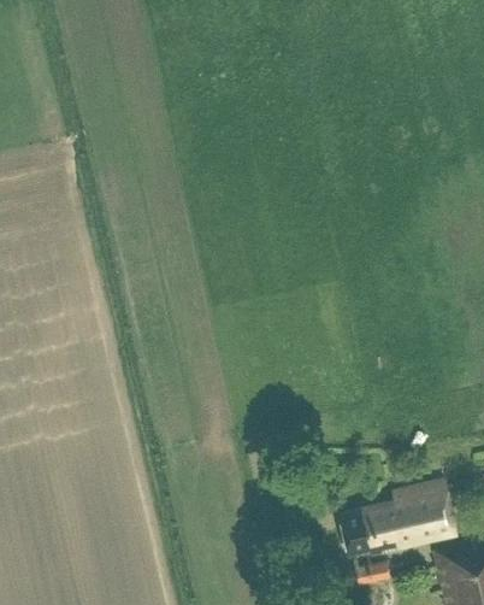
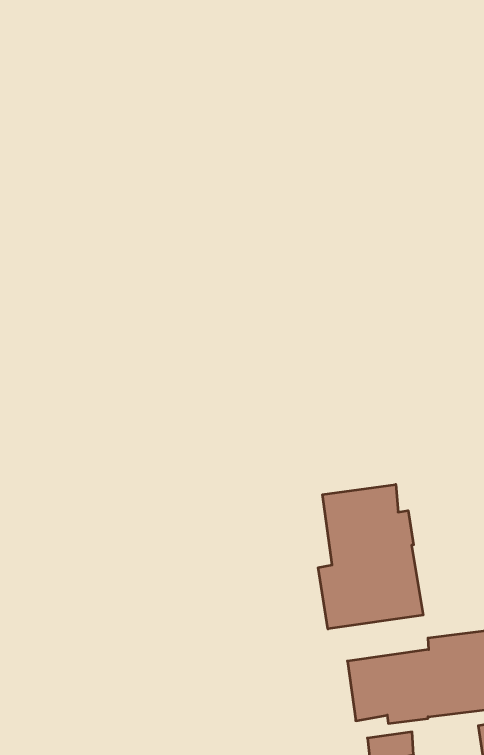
building: none -> [318,484,423,629]

